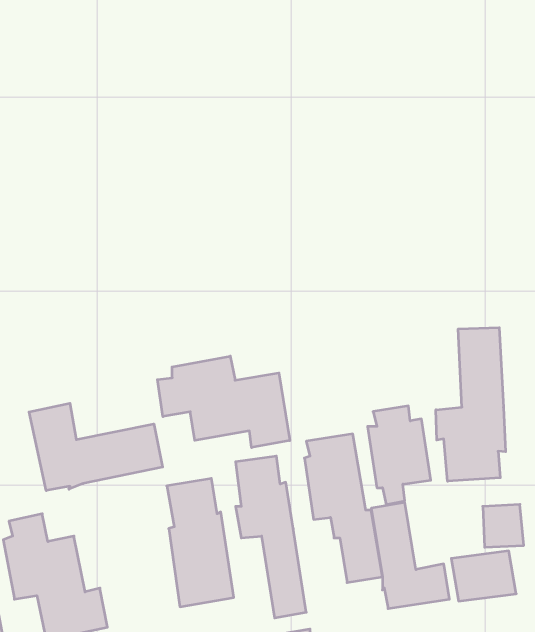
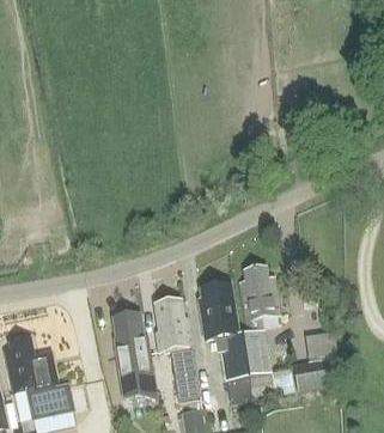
building: [436,328,506,481] -> none
building: [157,356,290,448] -> none
building: [29,403,163,491] -> none

